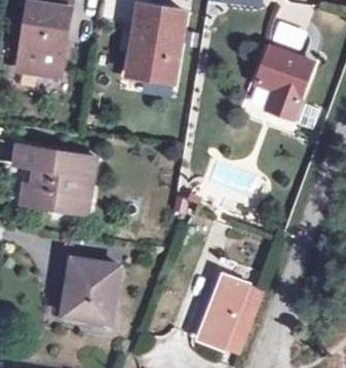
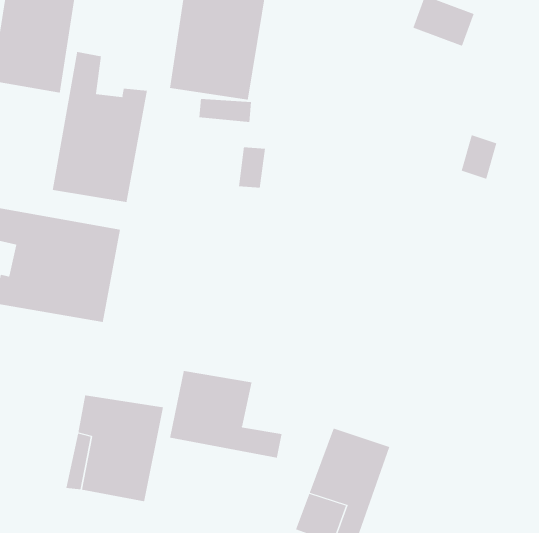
building: [256,47,315,117] -> none
building: none -> [52,51,147,203]
building: none -> [170,370,282,458]

